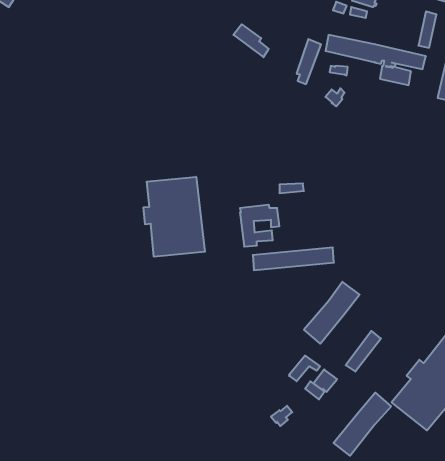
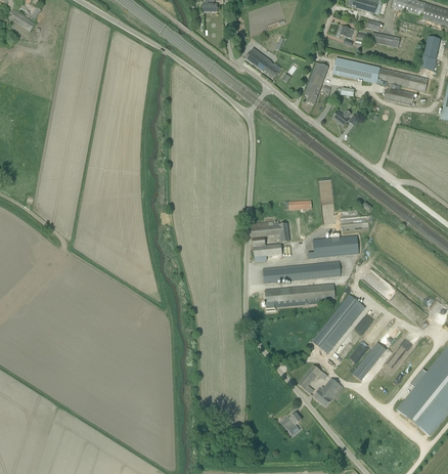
building: [144,177,205,257] -> none
building: none -> [308,234,359,258]
building: none -> [265,284,335,304]
building: [334,393,391,456] -> none

